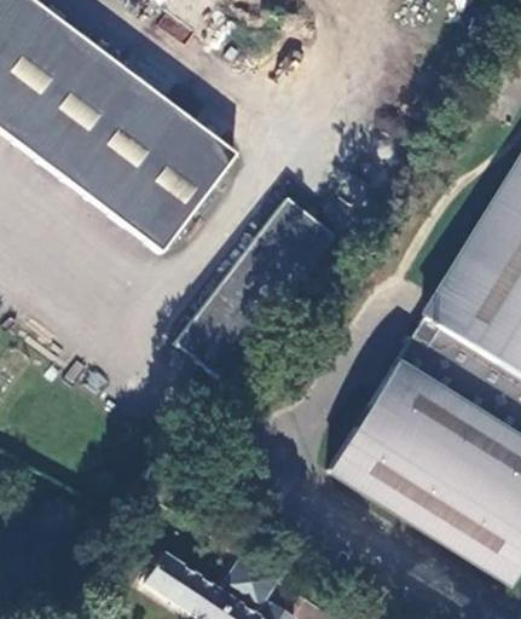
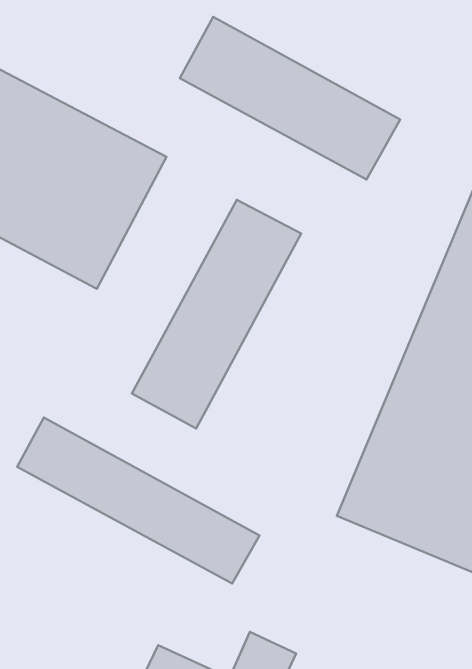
building: none -> [180,17,400,179]
building: none -> [17,418,260,584]

